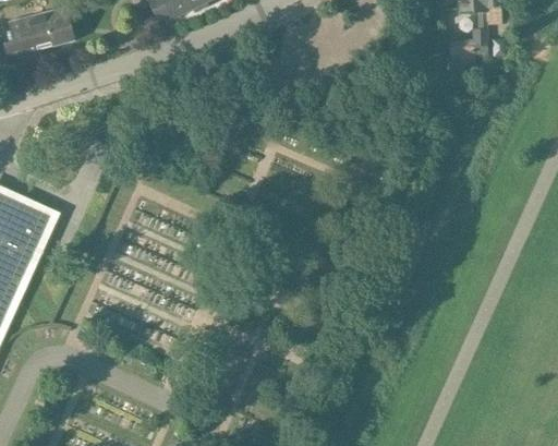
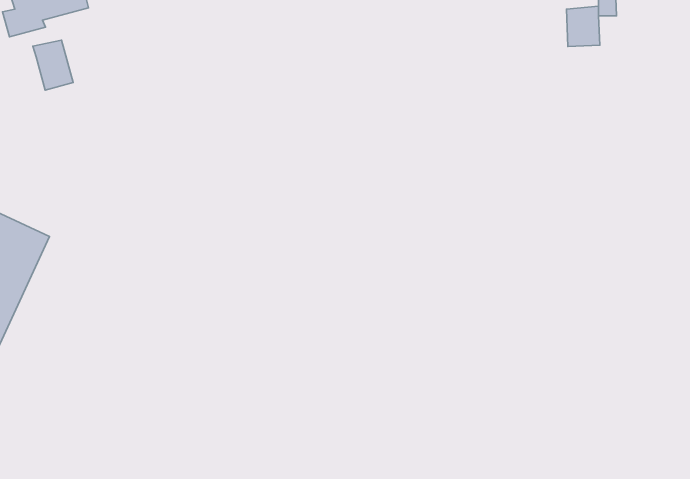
building: none -> [33,40,73,90]

